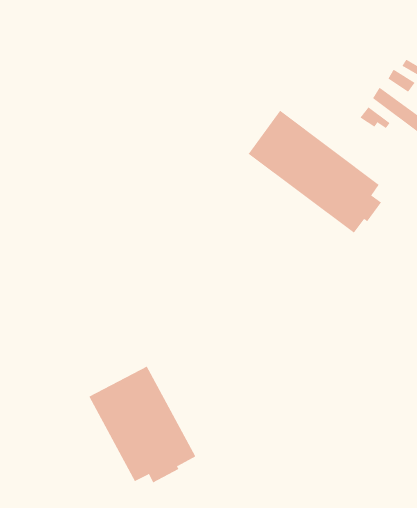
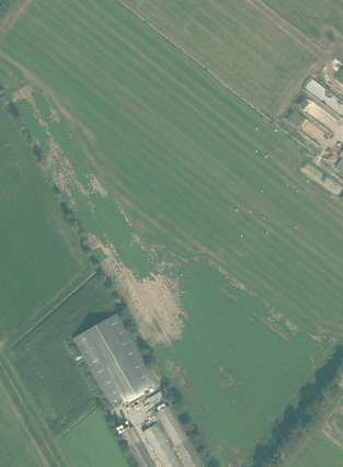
building: [248,110,382,234] -> none

